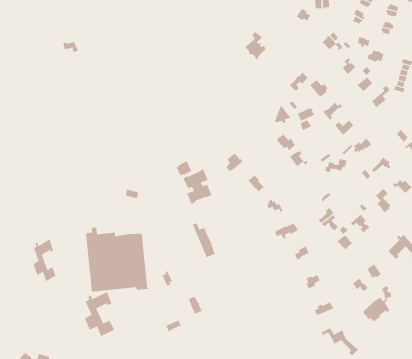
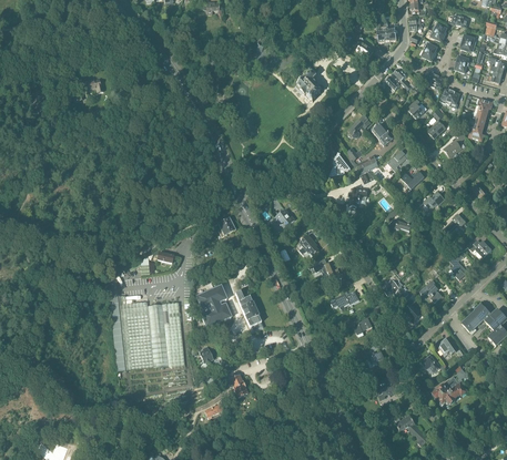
building: [183,169,212,205] -> [196,286,231,328]
building: [33,239,56,282] -> none
building: [84,291,115,337] -> none

